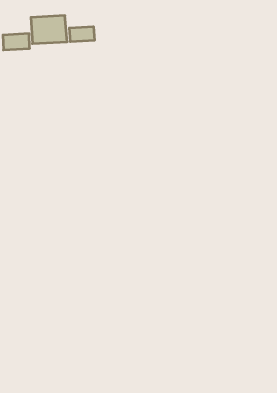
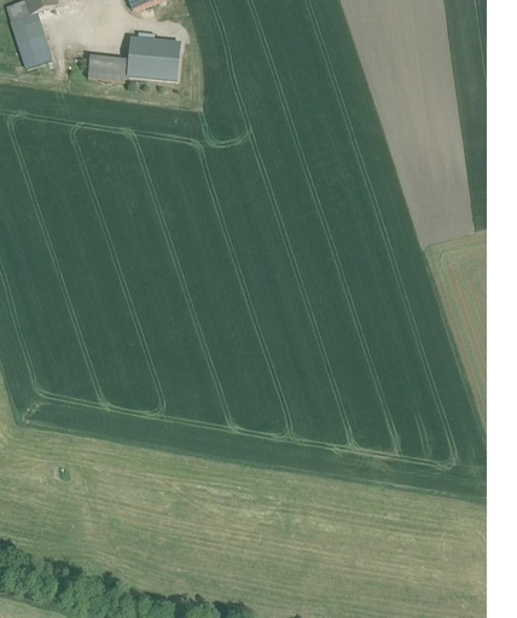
building: [69,27,94,42] -> none

